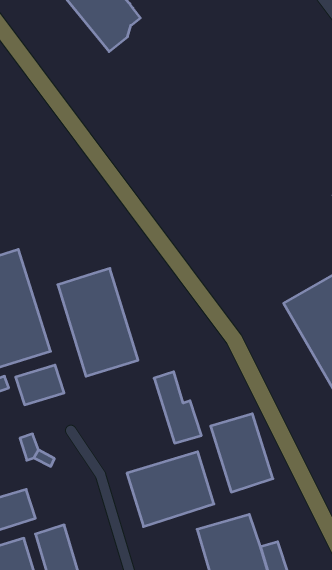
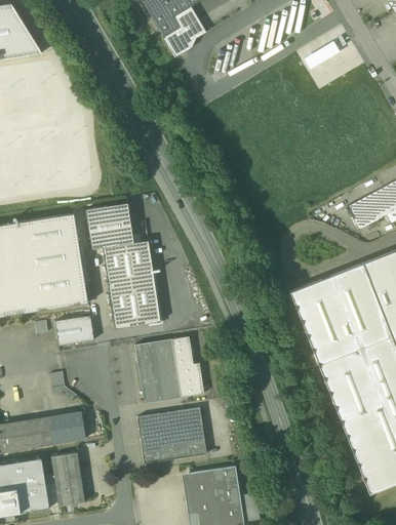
building: none -> [85,203,133,249]
building: [211,414,273,492] -> [134,339,181,403]
building: none -> [49,412,85,443]

